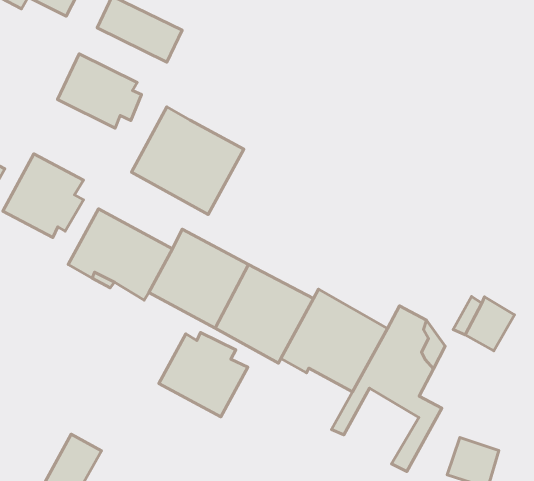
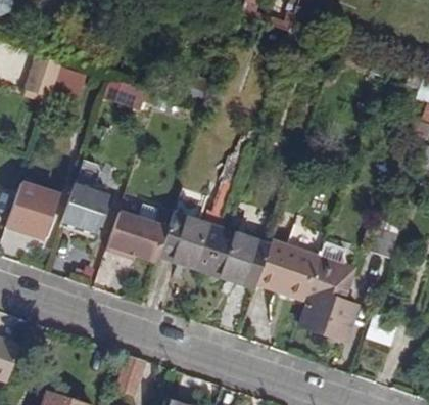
building: [58,54,142,128] -> none
building: [131,107,244,214] -> none
building: [159,333,248,417] -> none
building: none -> [295,295,340,340]

